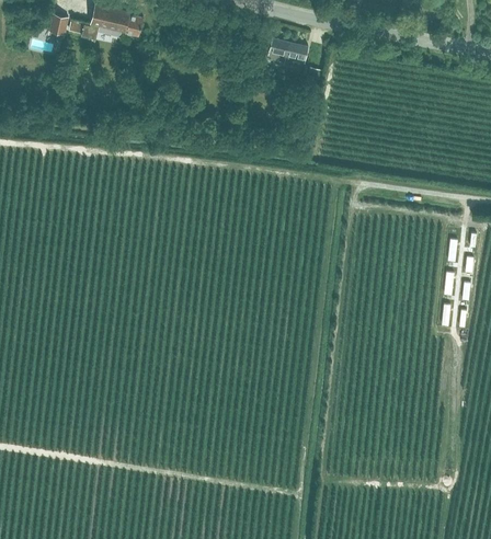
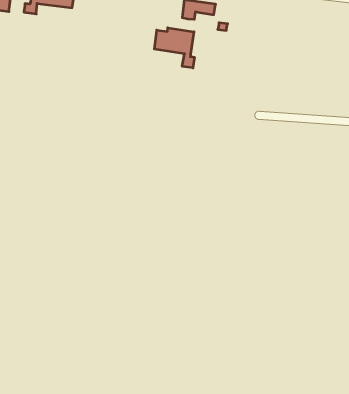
building: none -> [154,28,194,68]

